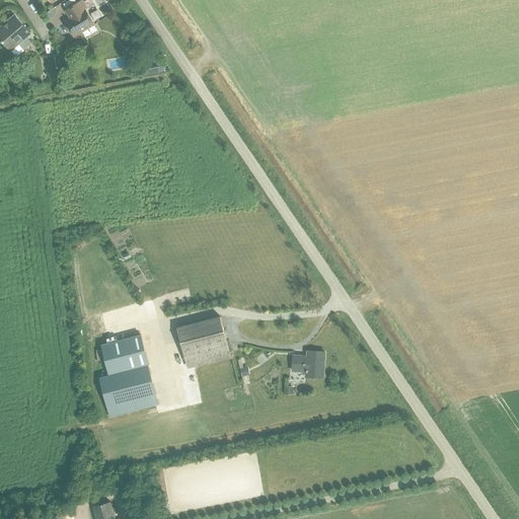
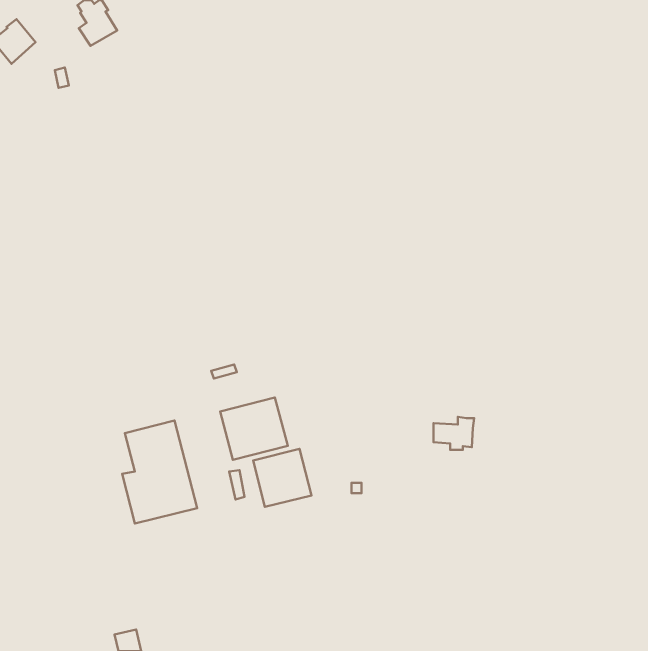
building: [291,351,323,377] -> [433,417,474,450]
building: none -> [253,449,311,507]

